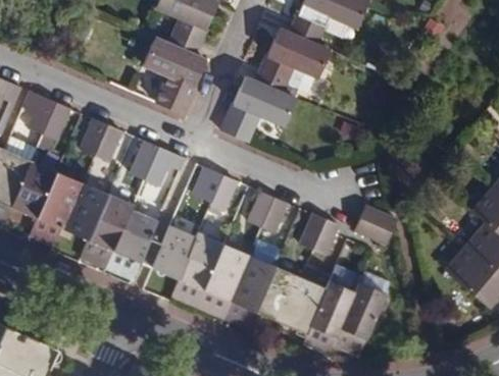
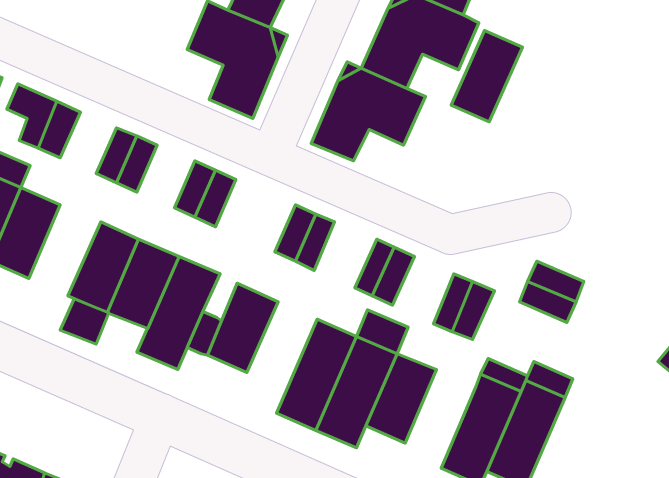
building: none -> [451,30,523,122]
building: [30,170,83,243] -> none
building: [171,233,223,306] -> none
building: [281,277,327,336] -> none

